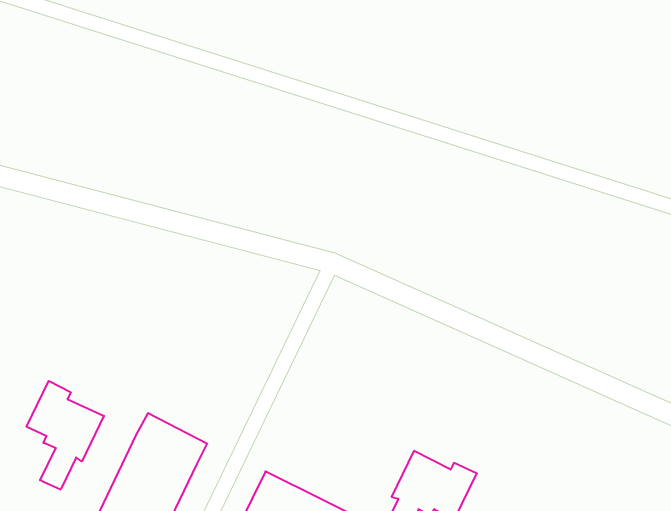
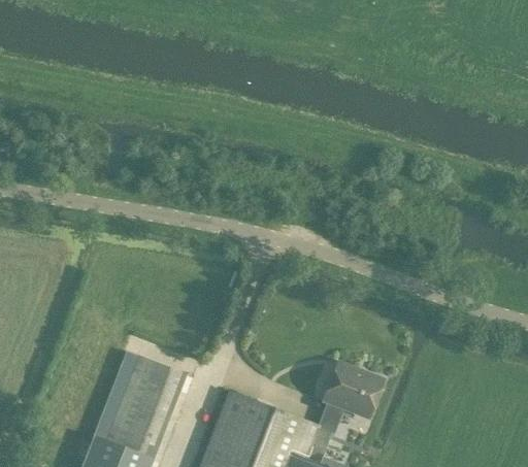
building: [27,381,104,490] -> none

